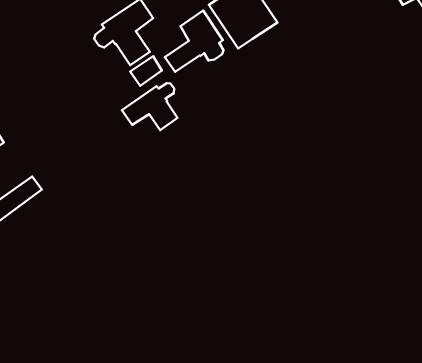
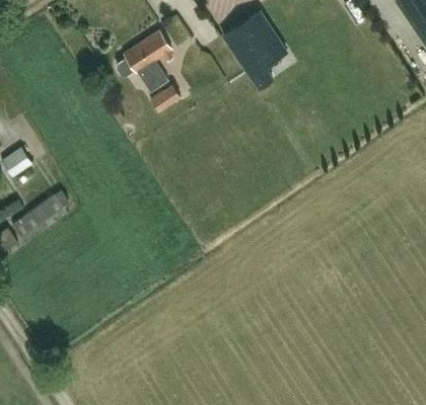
building: [165,11,223,72] -> none
building: [122,83,178,130] -> none

